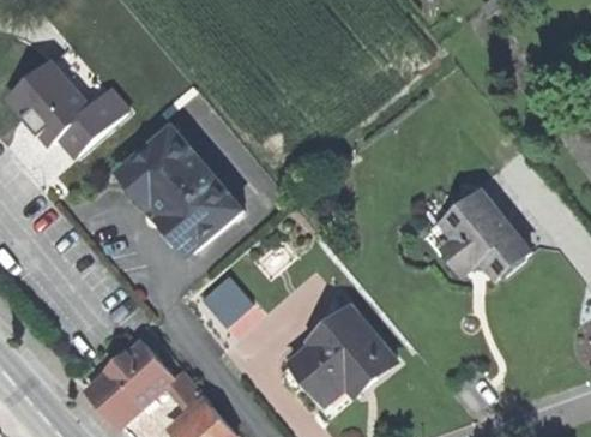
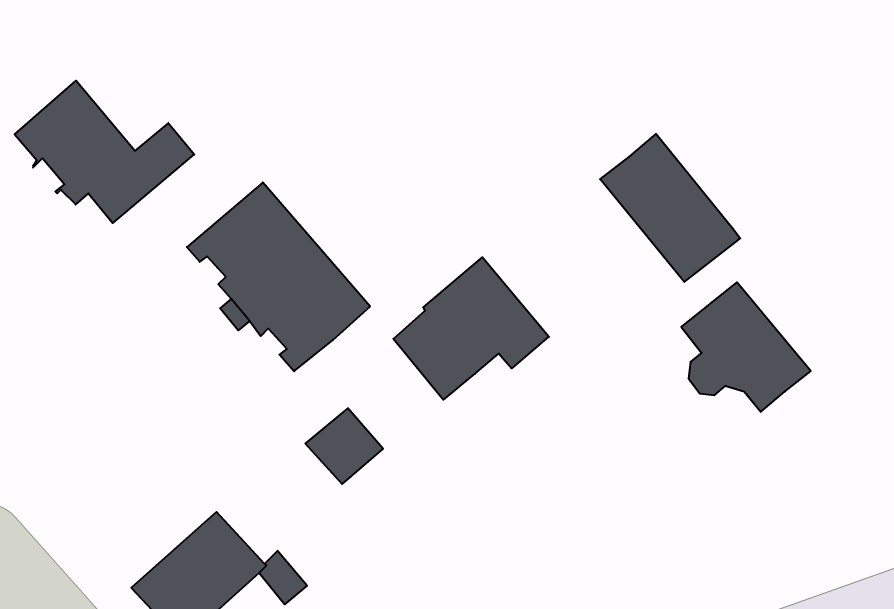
building: none -> [600,134,740,282]
building: [291,306,392,399] -> [393,257,549,400]

